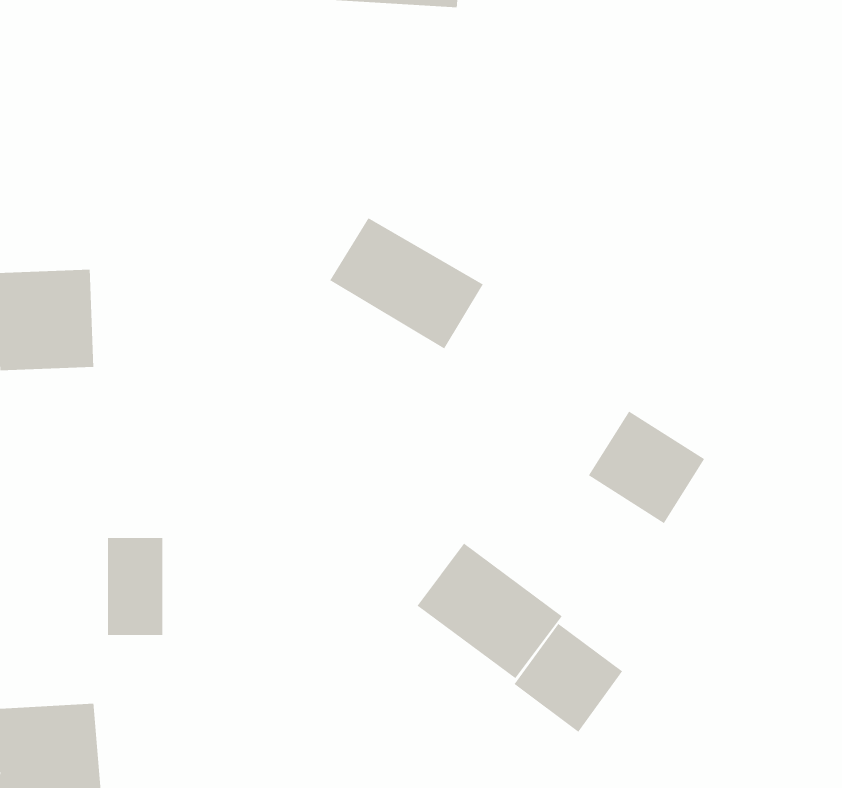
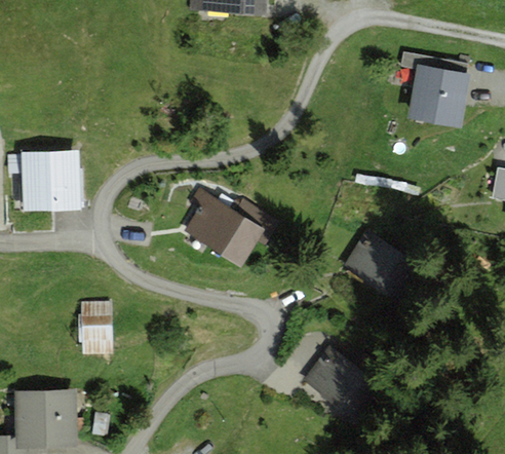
building: none -> [412,65,474,124]
building: [329,217,484,349] -> [183,194,268,267]
building: [417,543,563,679] -> none

